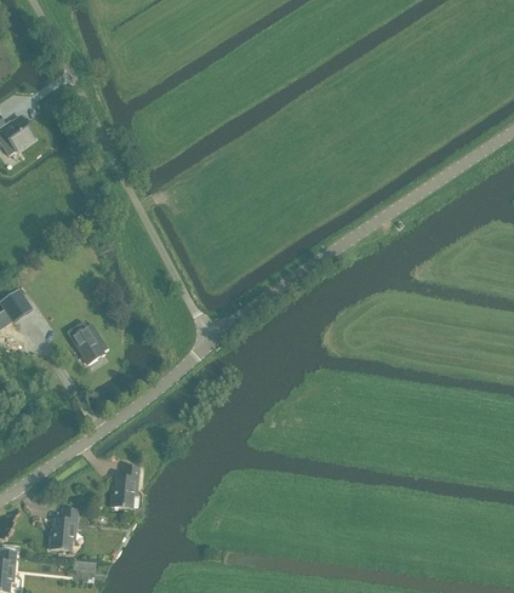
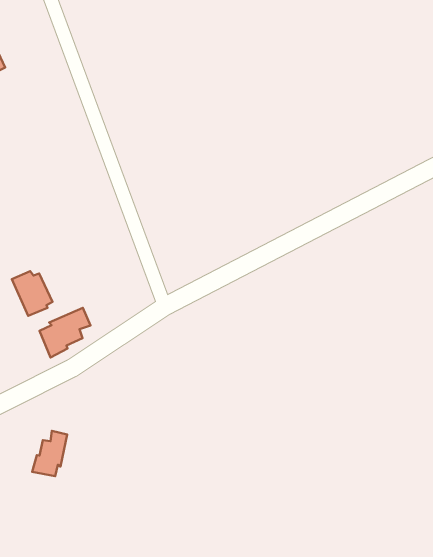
building: none -> [39,308,91,358]

